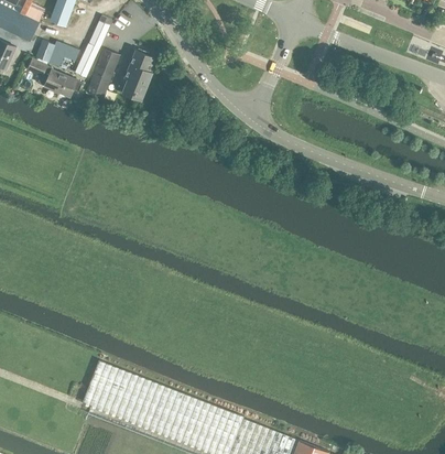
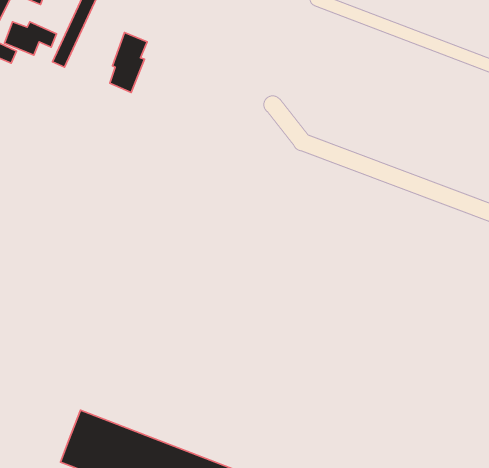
building: [86,50,119,99] -> none
building: [44,69,82,95] -> none

